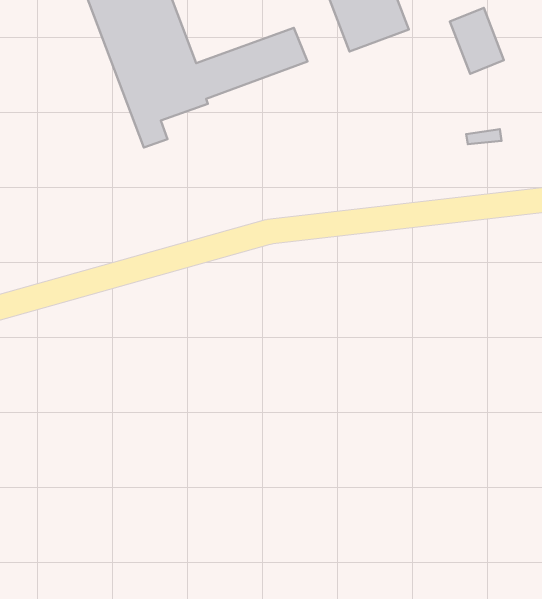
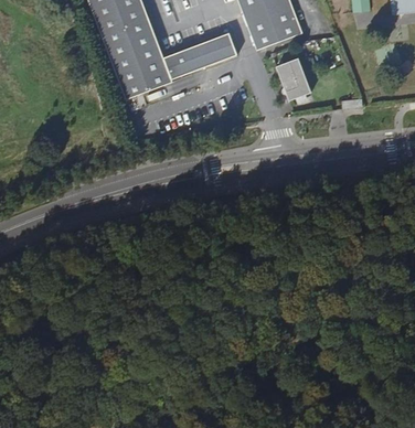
building: [450,8,504,74] -> [276,58,311,101]

